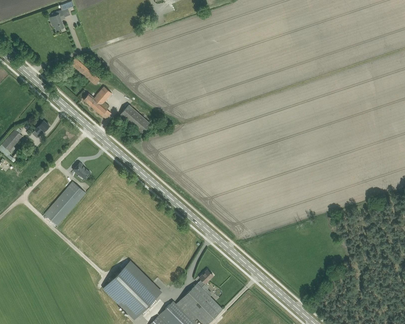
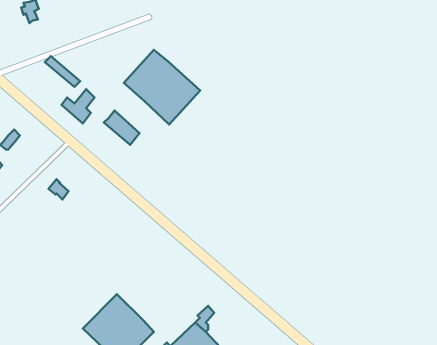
building: none -> [124,50,200,125]
building: [43,182,85,227] -> none

